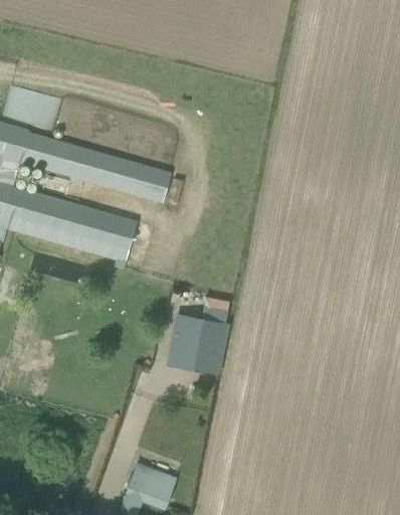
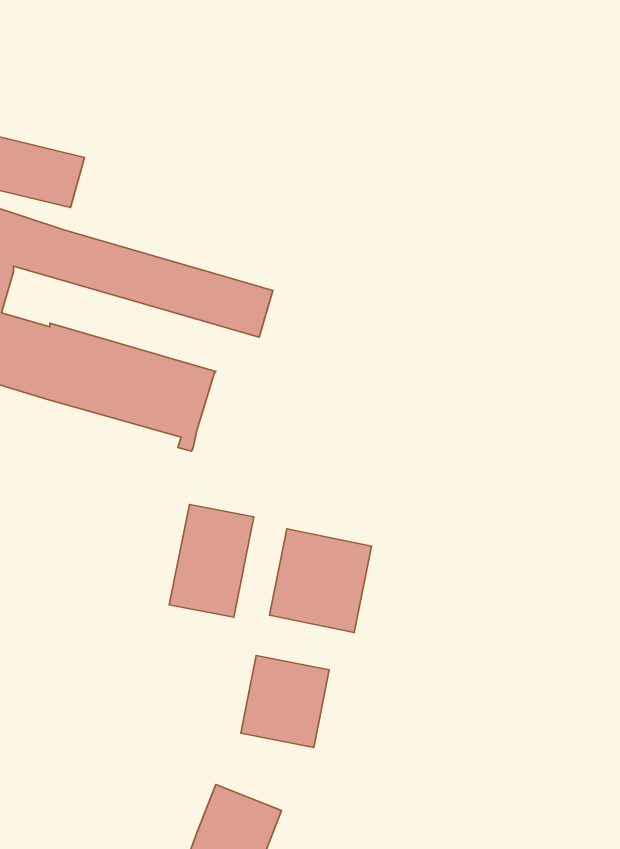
building: none -> [169,505,254,617]
building: none -> [241,656,329,748]

